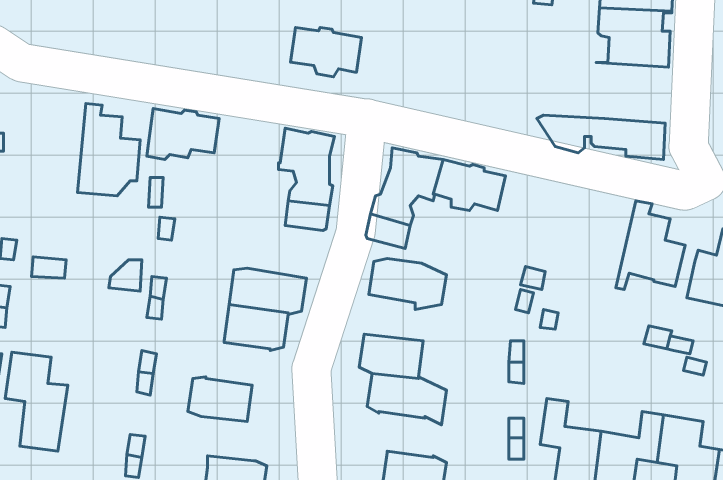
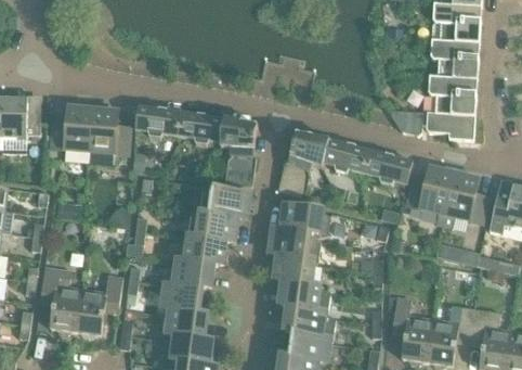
building: [291,28,361,77] -> [178,112,224,144]
building: none -> [428,75,477,115]
building: none -> [51,101,93,161]
building: none -> [364,150,413,184]
building: none -> [407,164,455,224]
building: none -> [199,187,249,217]
building: none -> [269,227,317,258]
building: none -> [172,258,214,288]
building: none -> [75,275,122,334]
building: none -> [284,305,335,340]
building: none -> [166,308,207,342]

